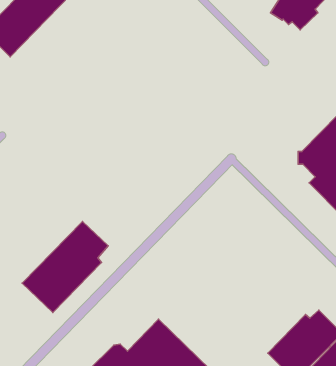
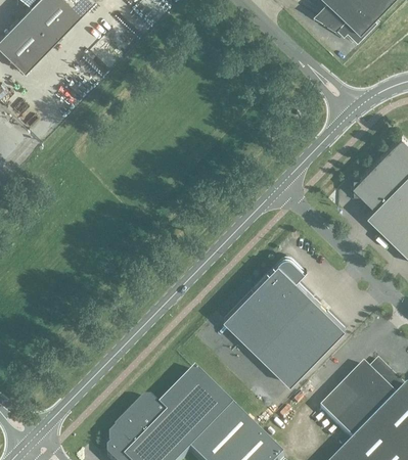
building: none -> [223,257,345,383]
building: [22,221,108,312] -> none

